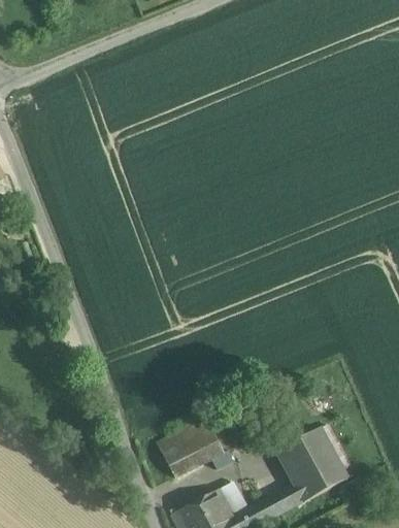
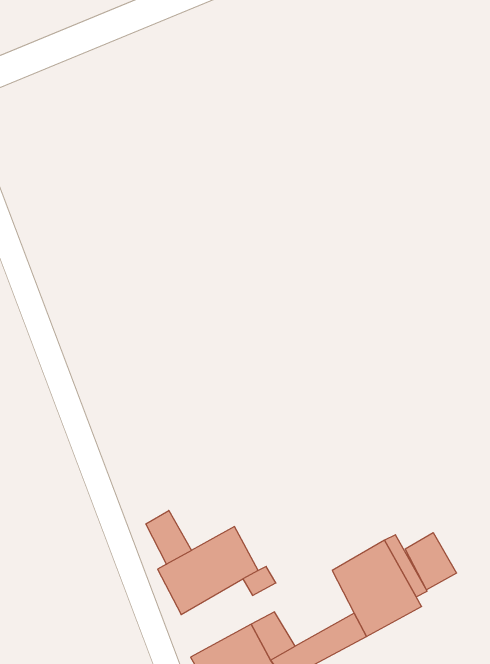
building: none -> [146,510,192,564]
building: none -> [405,533,457,590]

